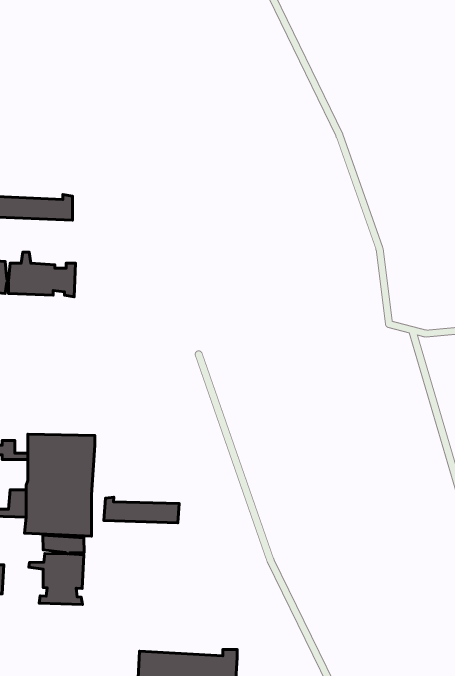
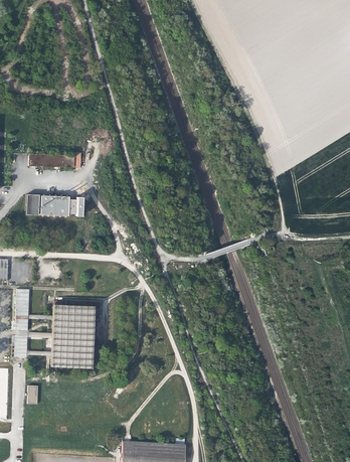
building: [104,497,179,523] -> none
building: [29,535,84,604] -> none

